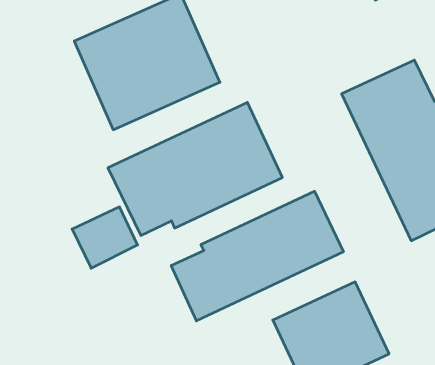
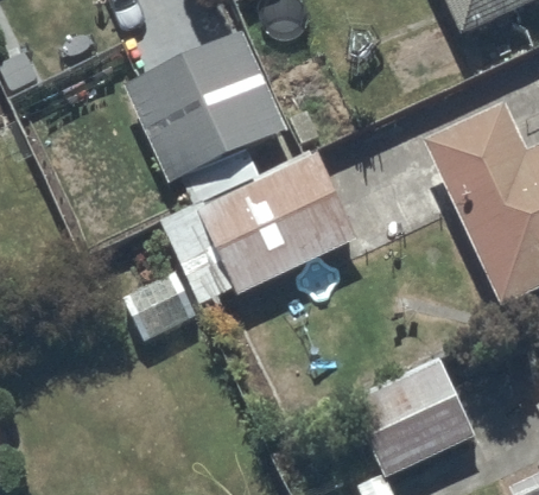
building: [171,191,343,321] -> none

